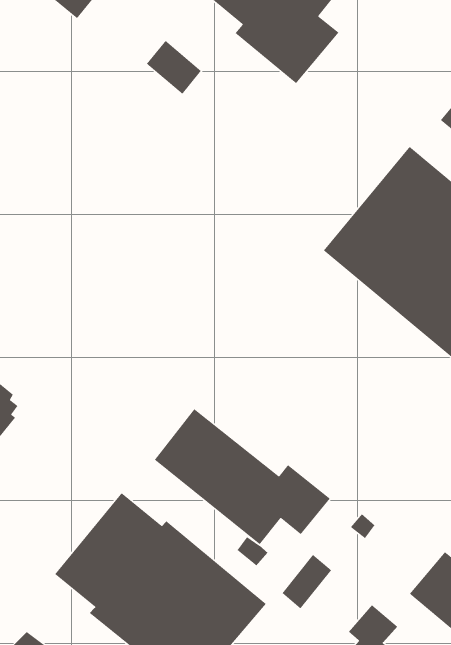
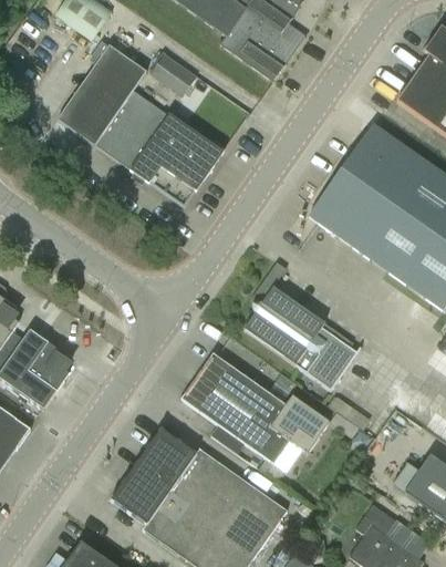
building: none -> [59,44,224,206]
building: none -> [245,280,355,388]
building: [281,554,332,610] -> none

